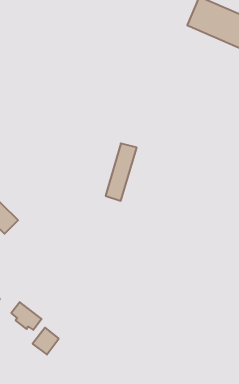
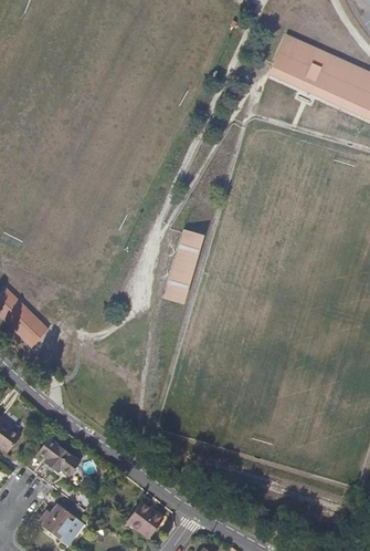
building: [33,328,59,355] -> [44,503,78,539]
building: none -> [129,501,166,537]

